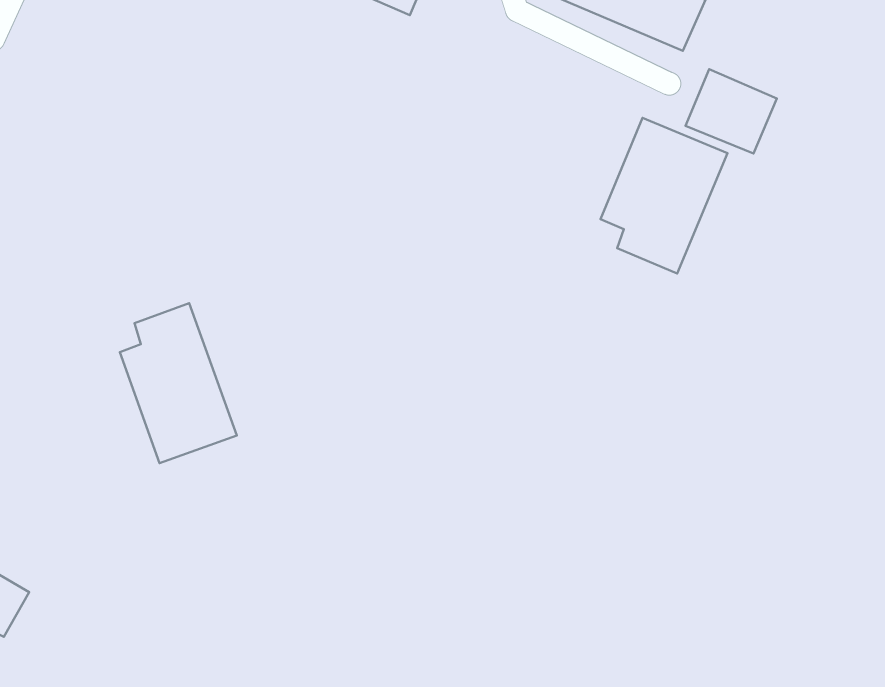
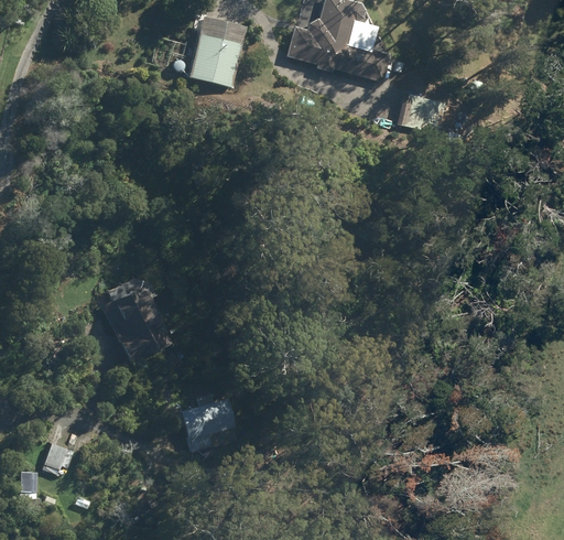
building: [601,118,728,274] -> none
building: none -> [181,397,239,453]

